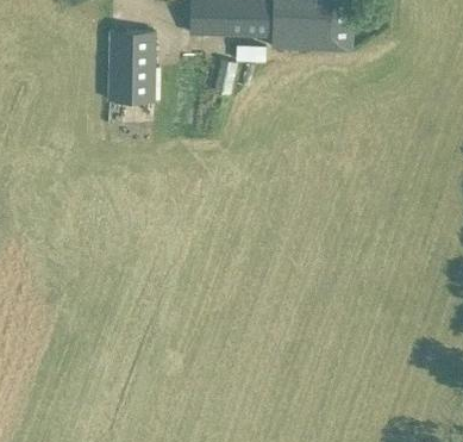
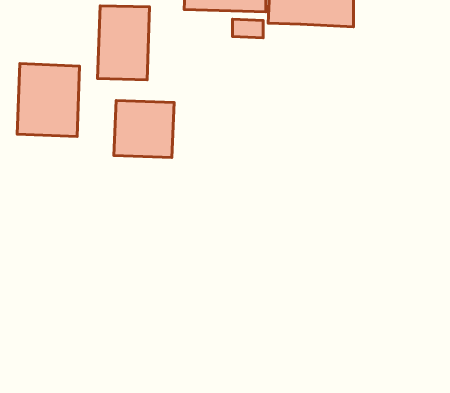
building: none -> [17,64,79,137]
building: none -> [114,100,174,158]

